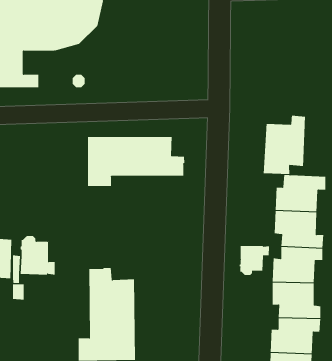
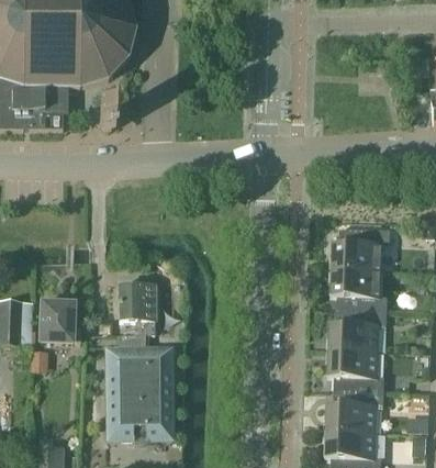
building: [263,115,305,175] -> none
building: [87,136,185,187] -> none
building: none -> [120,285,156,334]
building: [239,245,270,276] -> none

